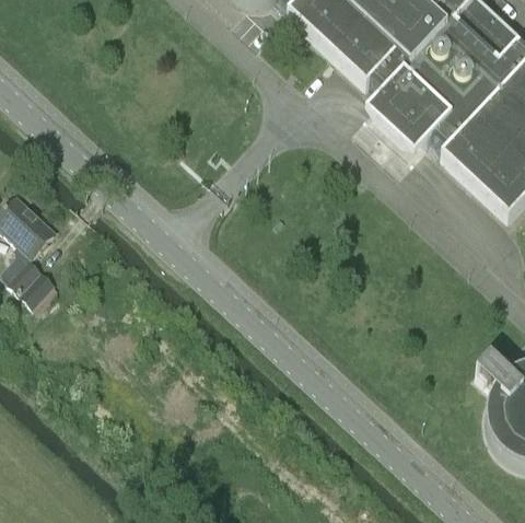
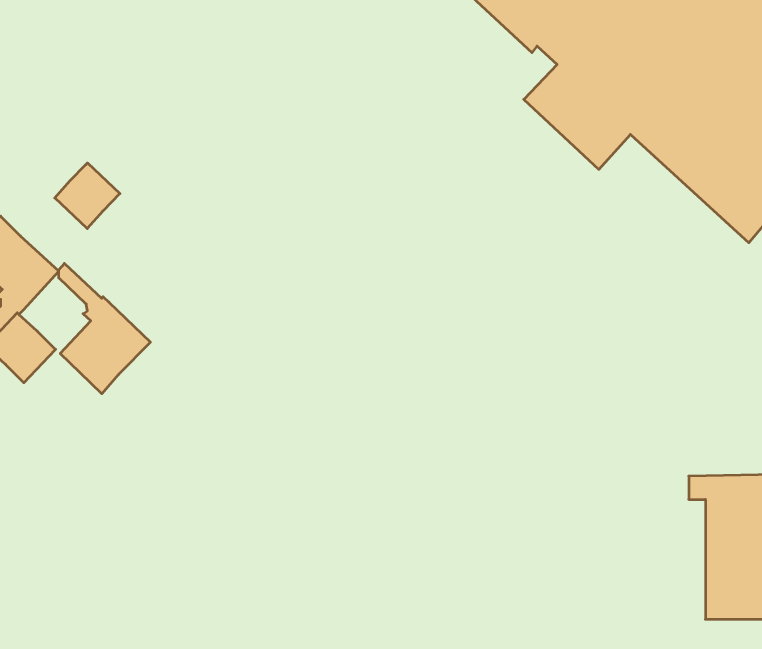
building: none -> [55,163,120,229]
building: none -> [59,263,150,394]

